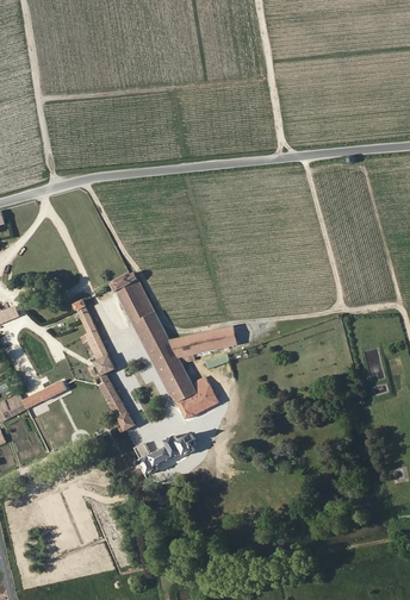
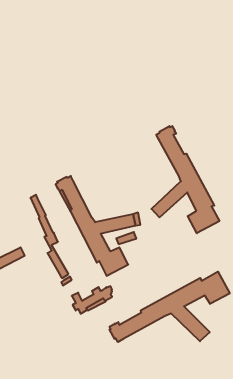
building: none -> [151,126,219,233]
building: none -> [109,272,230,342]

